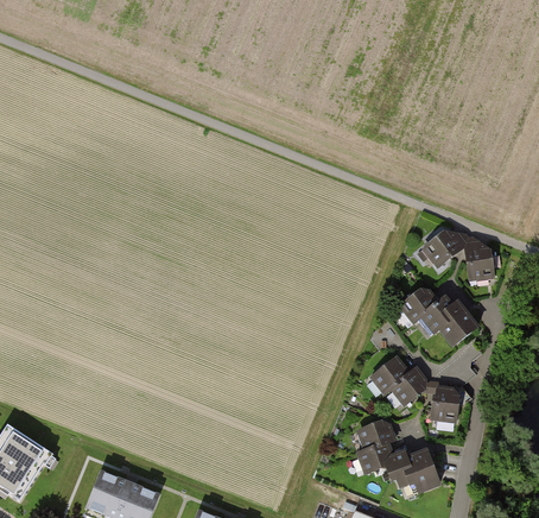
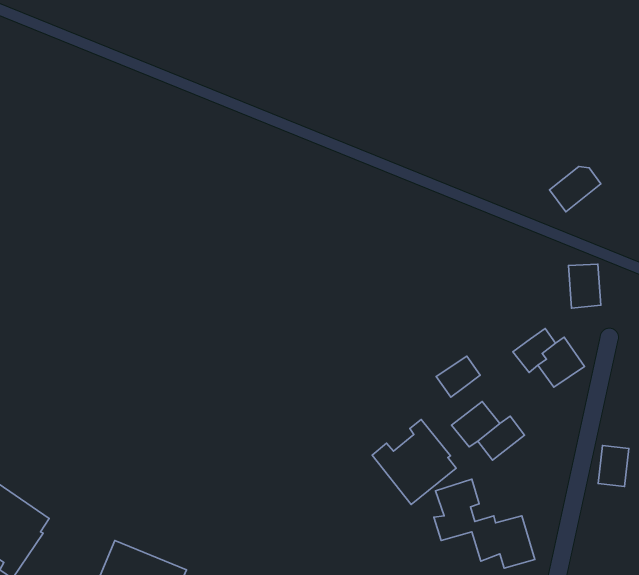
building: [425,232,467,269] -> [550,166,601,212]
building: [400,290,436,323] -> [436,356,480,397]
building: none -> [372,420,456,504]
building: [432,387,457,421] -> [598,446,629,486]

